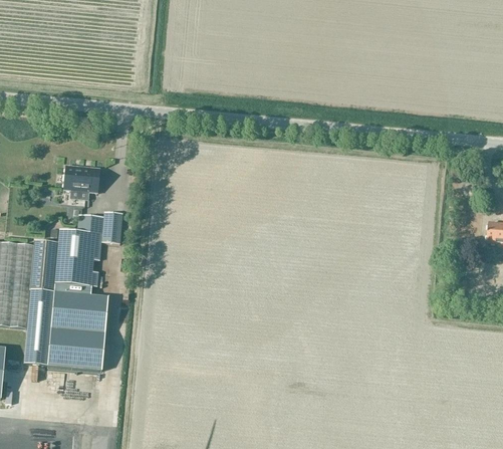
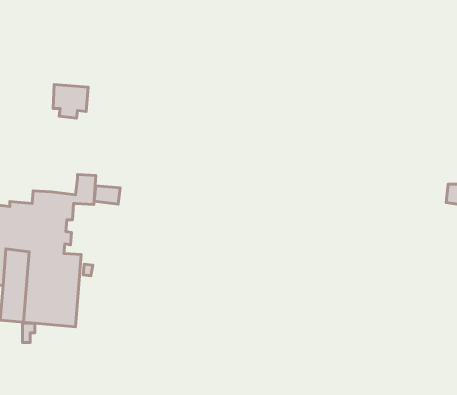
building: [63,165,99,200] -> [53,84,88,118]
building: [76,214,103,233] -> [94,186,120,204]

